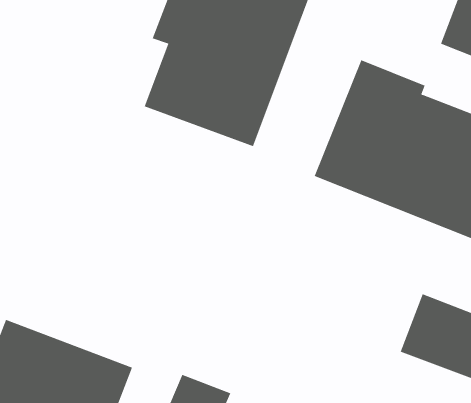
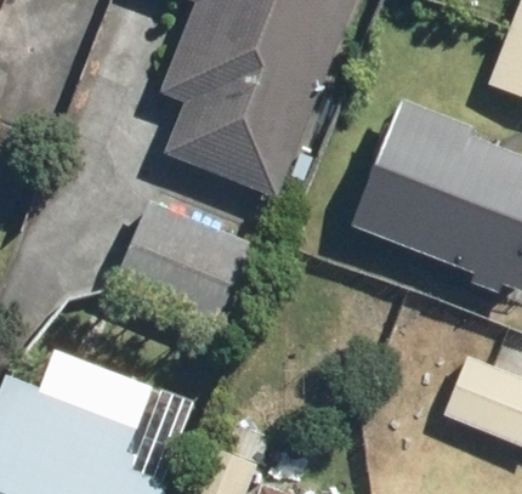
building: none -> [114,199,261,334]

